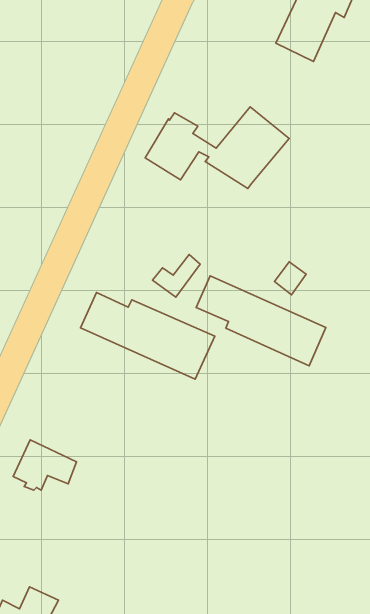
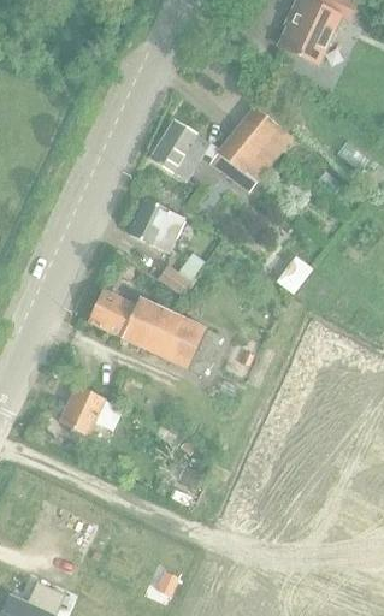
building: none -> [129,199,184,253]
building: [196,276,326,366] -> none
building: [13,440,77,490] -> [59,384,122,433]

